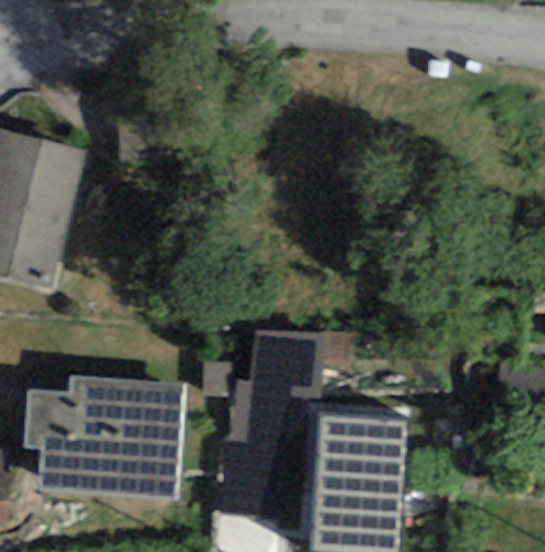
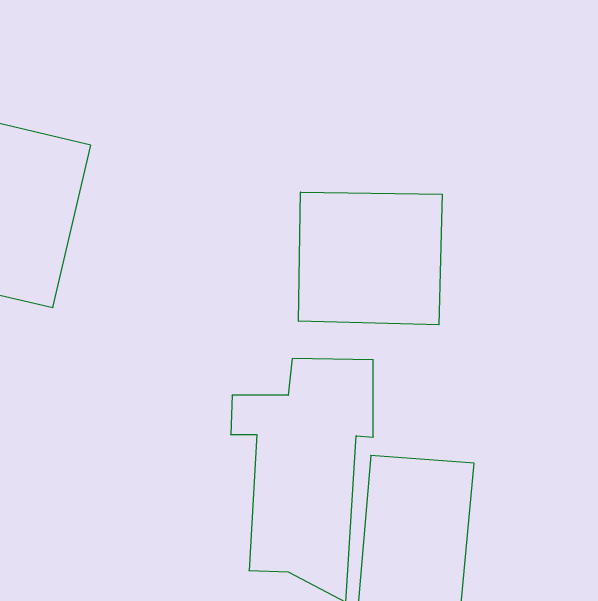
building: none -> [299,192,442,325]
building: [24,376,185,496] -> none

